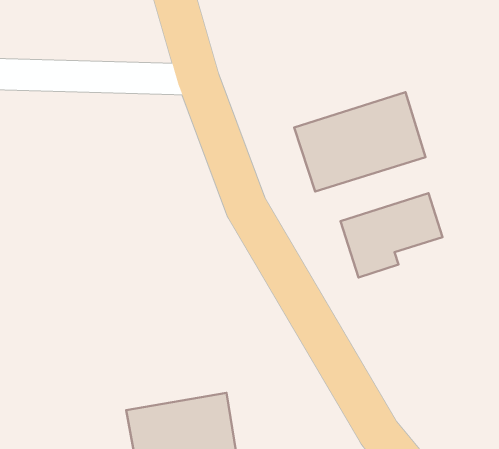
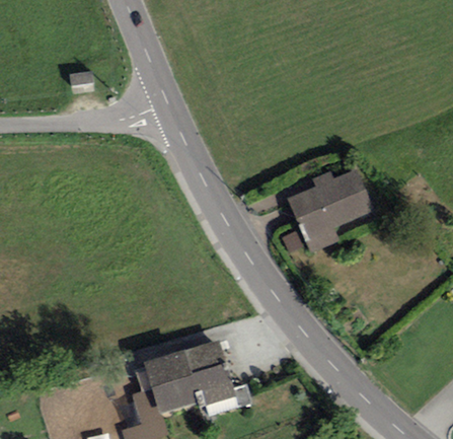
building: [294,92,425,192] -> none

